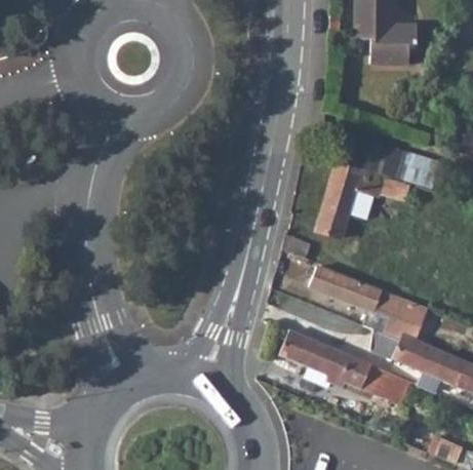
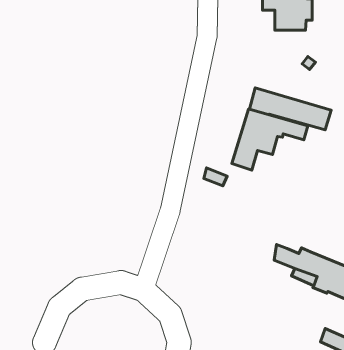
building: [309,266,426,341] -> none
building: [279,328,409,403] -> none

